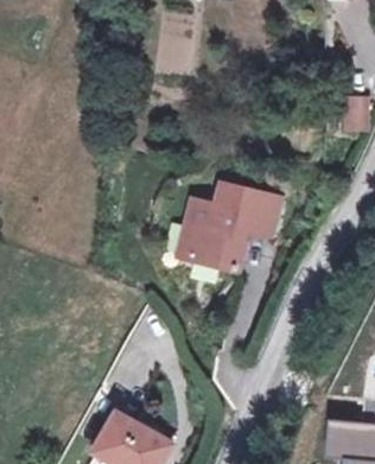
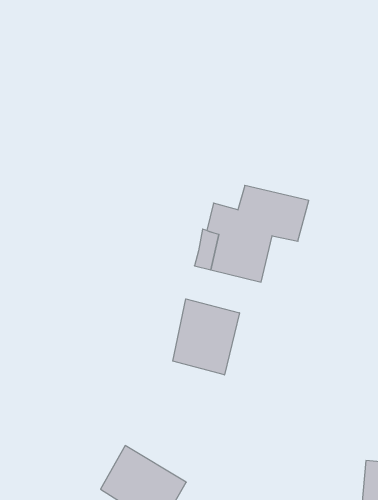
building: none -> [173,299,239,375]

